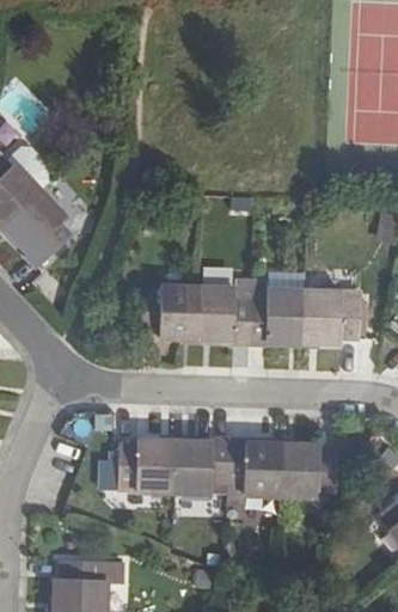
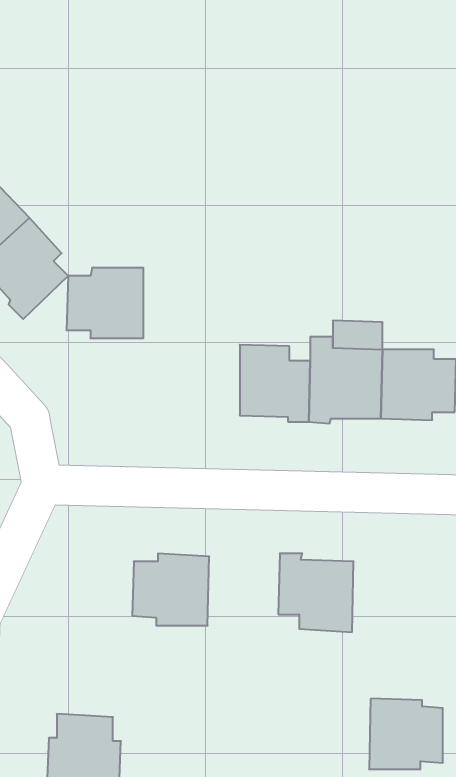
building: [140,286,197,338] -> [66,268,143,338]
building: [173,440,227,496] -> none
building: [281,447,336,500] -> [369,699,443,769]

